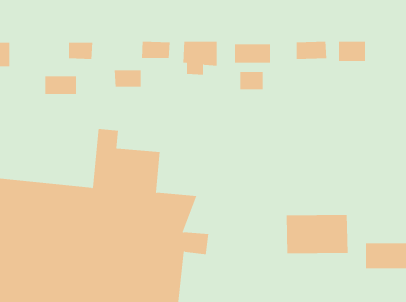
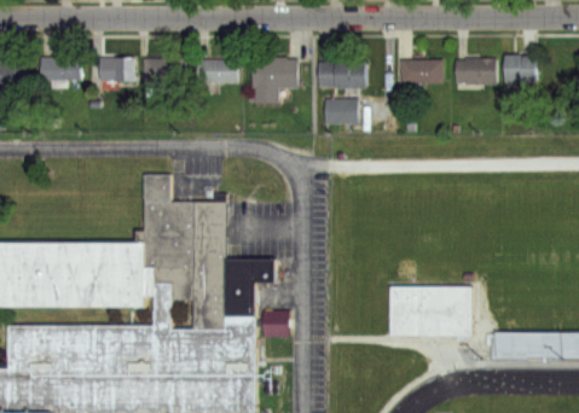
building: none -> [502,56,533,83]
building: [114,70,141,87] -> [146,59,183,82]
building: [44,76,77,94] -> [42,58,85,82]

